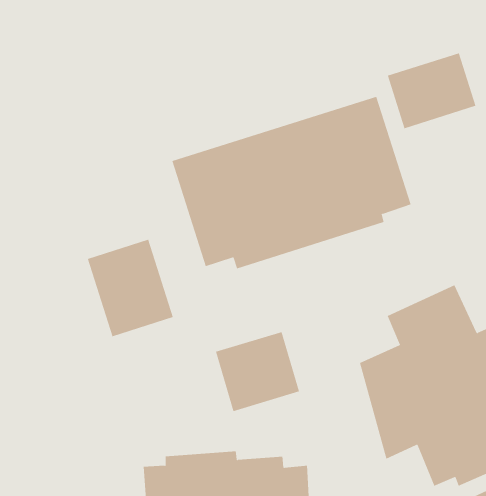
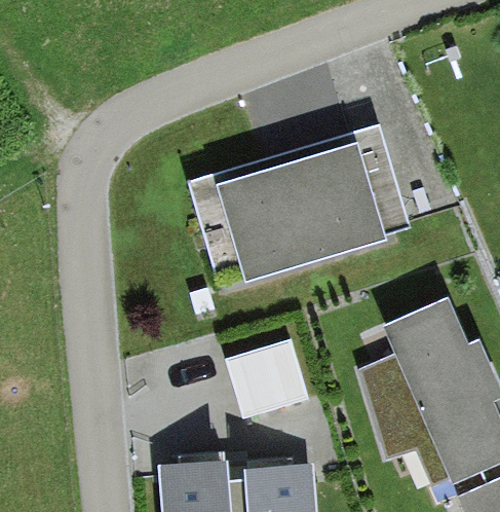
building: [387,52,476,129] -> none
building: [87,239,174,337] -> none

